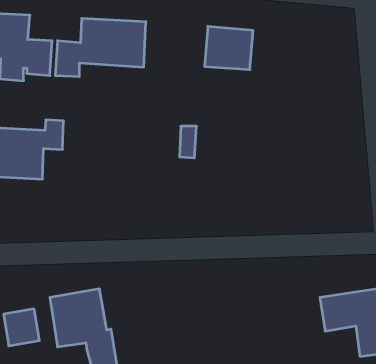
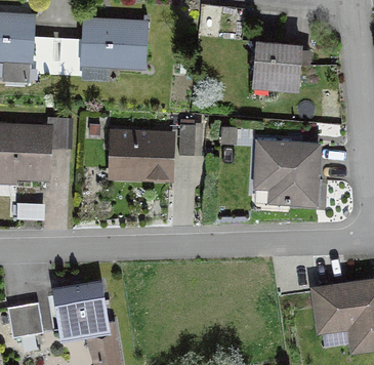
building: [205,26,253,70] -> [254,41,301,83]
building: none -> [115,131,169,178]
building: none -> [256,141,319,205]

